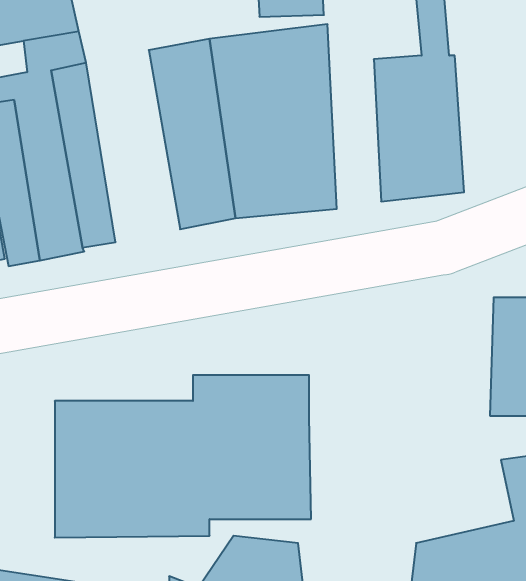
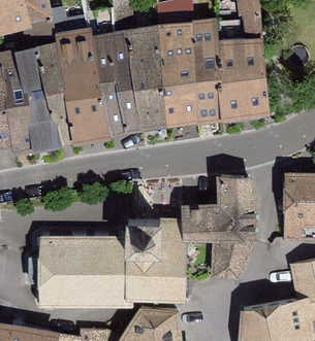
building: none -> [193,20,223,125]
building: none -> [56,27,111,143]
building: none -> [183,176,258,278]

